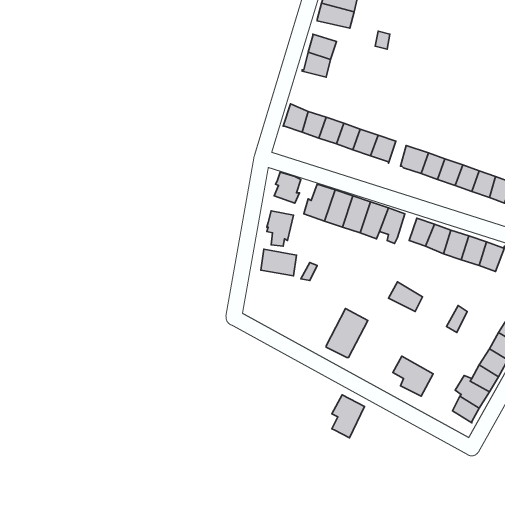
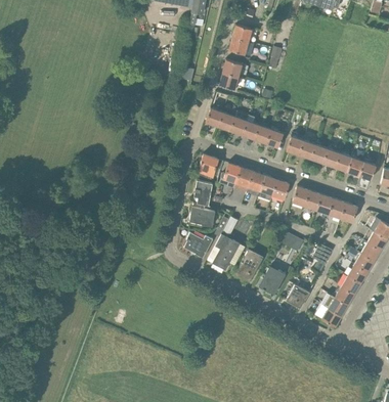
building: none -> [184,232,213,258]
building: none -> [213,235,240,270]
building: [332,395,364,438] -> [263,266,286,296]

